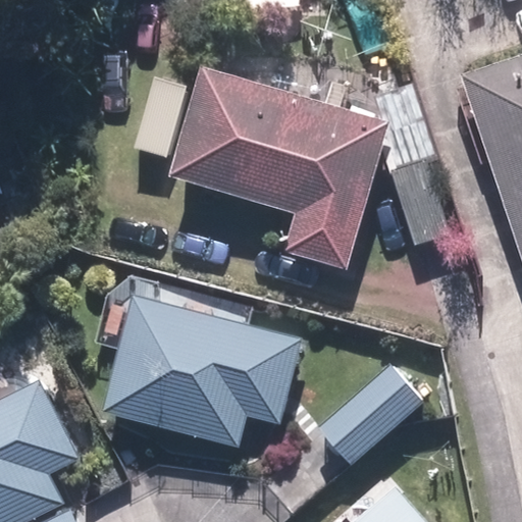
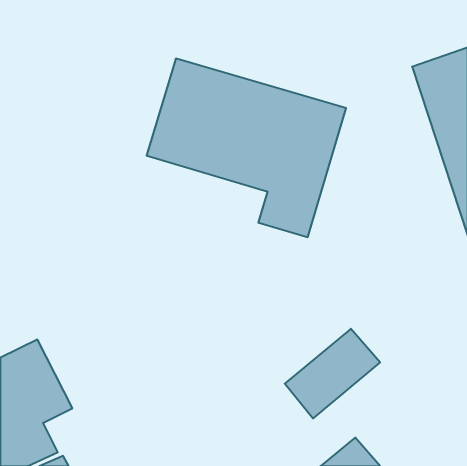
building: [98,294,303,448] -> none

